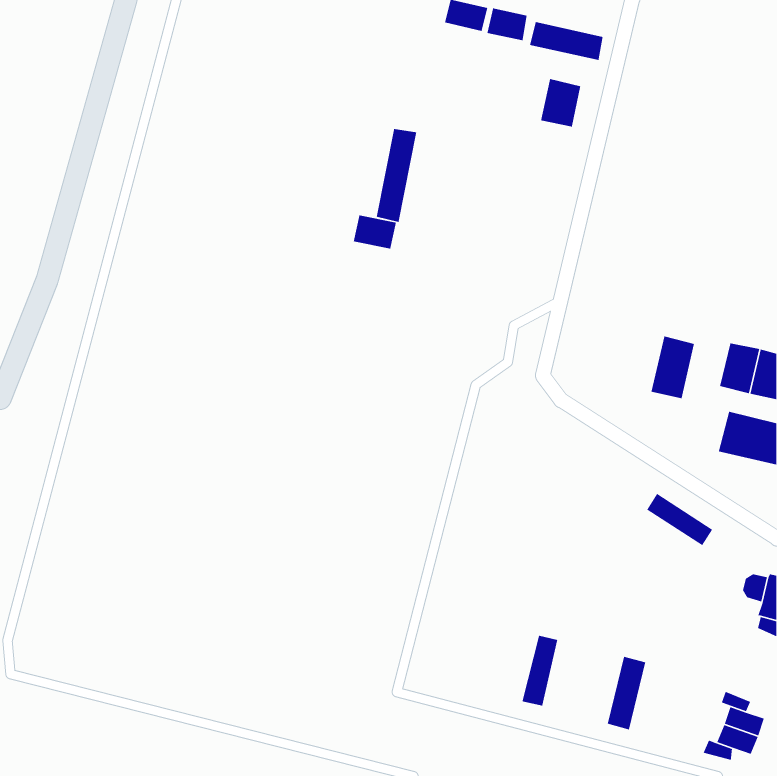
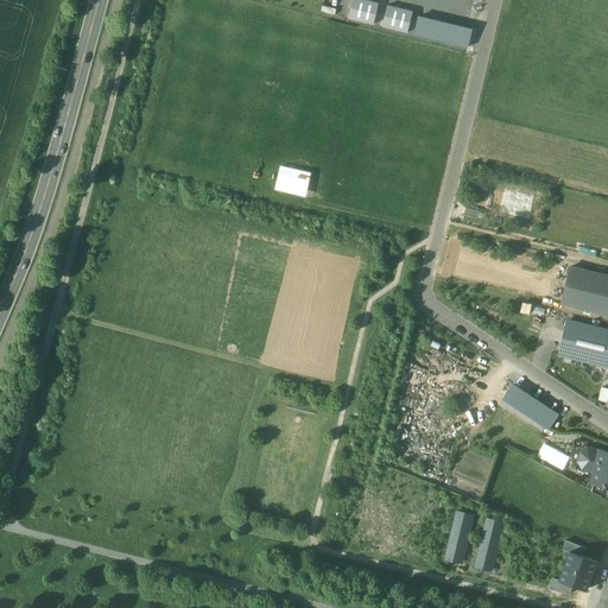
building: [540,78,581,128] -> none
building: [376,128,417,223] -> none
building: [650,336,695,399] -> none
building: [522,635,558,706] -> [444,505,473,560]

